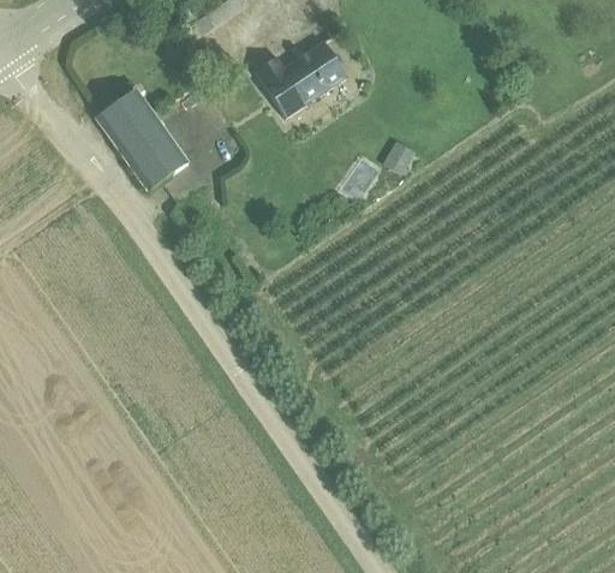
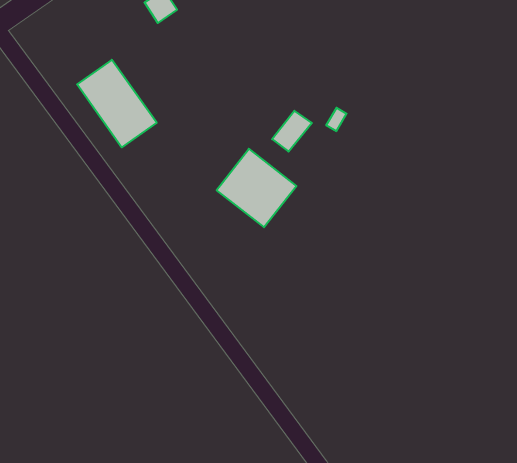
building: [255,41,347,117] -> none
building: none -> [217,149,296,227]

